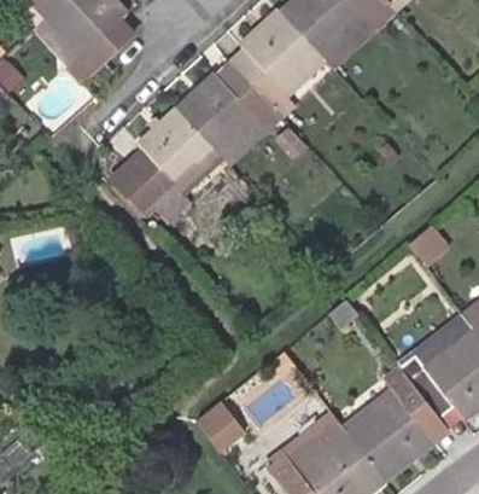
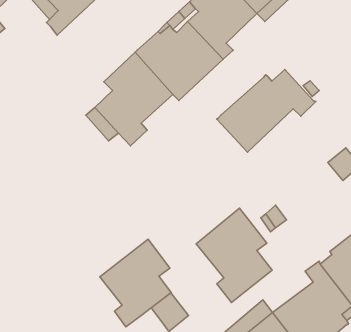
building: none -> [217,70,316,152]
building: none -> [196,208,272,302]
building: none -> [100,239,171,327]

